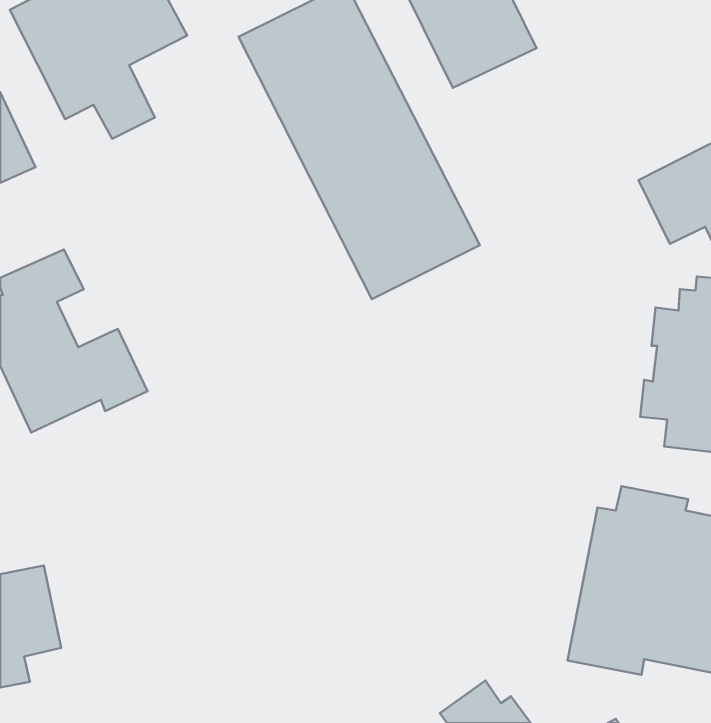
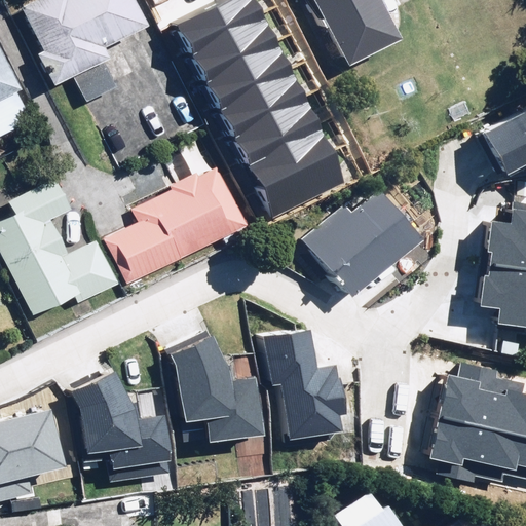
building: none -> [107,163,252,284]
building: none -> [308,179,421,297]
building: none -> [262,331,342,441]
building: none -> [162,335,254,444]
building: none -> [68,375,166,478]

